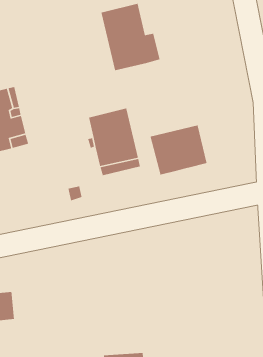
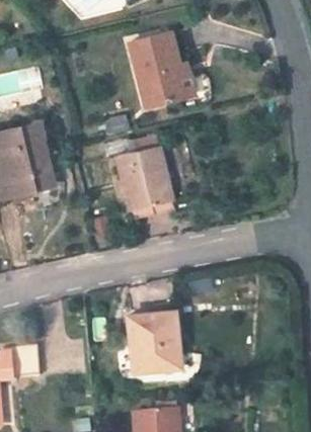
building: [149,124,207,176] -> none
building: none -> [127,312,179,372]

